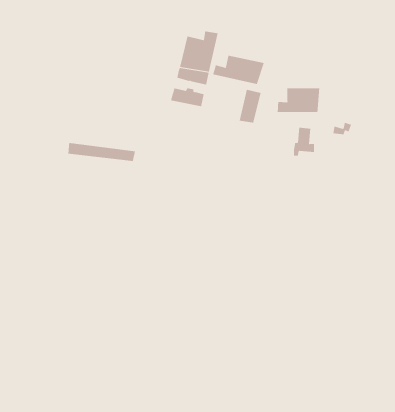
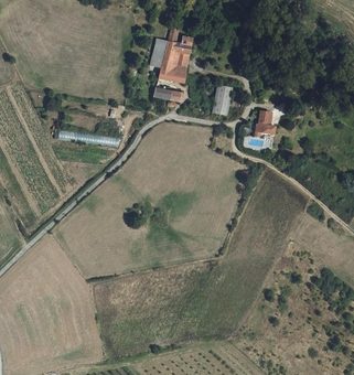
building: [213,55,264,85] -> none
building: [277,88,320,113] -> none

